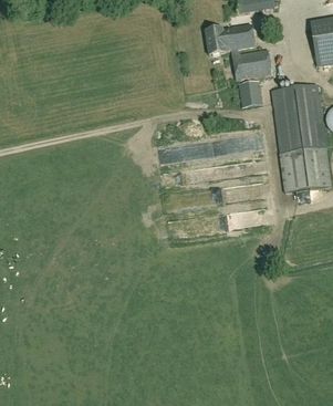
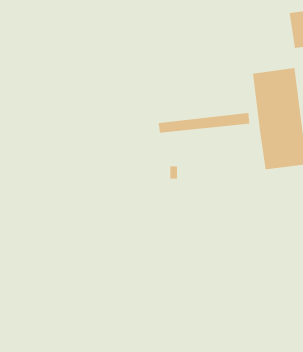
building: [206,24,272,108] -> none

